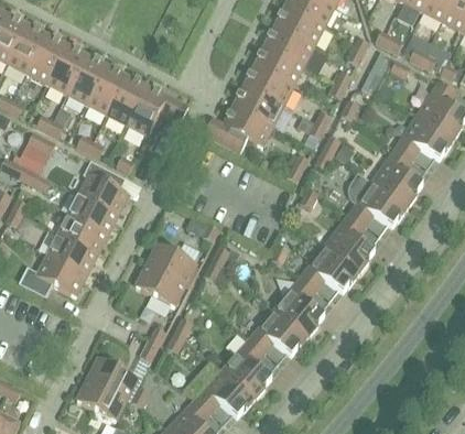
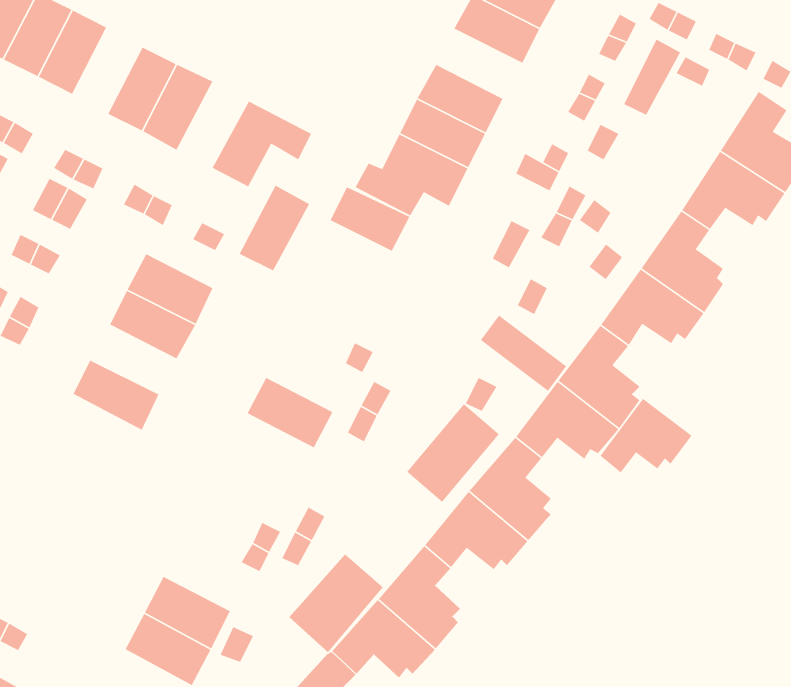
building: [46,44,86,94] -> none
building: [253,45,303,85] -> none
building: [106,75,147,124] -> [239,185,310,272]
building: none -> [329,186,411,252]
building: none -> [480,314,567,392]
building: [56,214,106,253] -> none
building: [18,253,86,296] -> none
building: none -> [599,398,693,473]
building: none -> [406,403,500,503]
building: [134,264,184,305] -> none
building: none -> [288,553,384,653]

